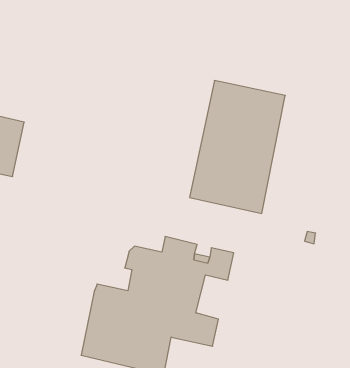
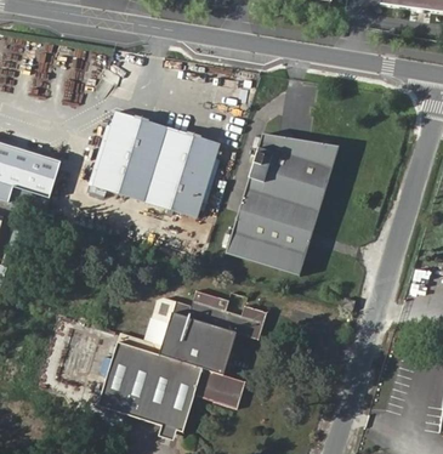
building: none -> [92,110,220,216]

